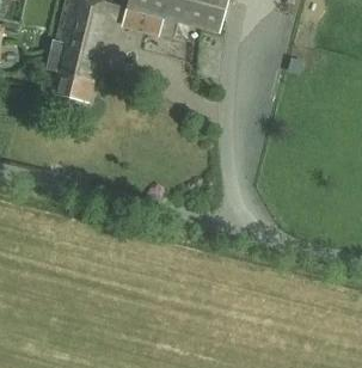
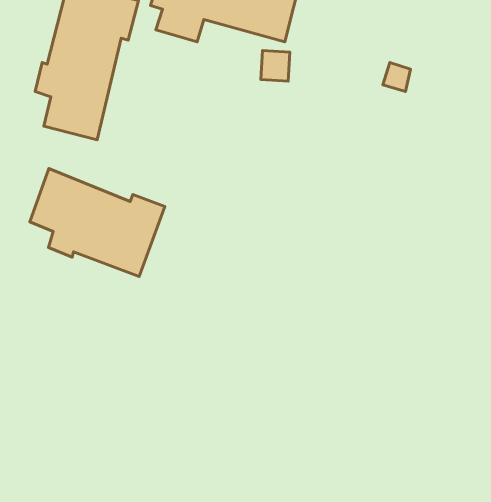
building: none -> [30,169,165,277]

